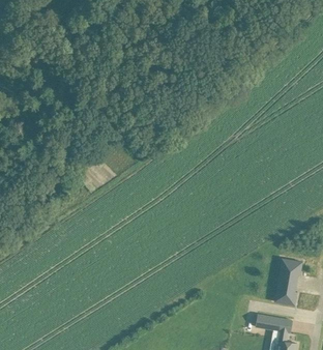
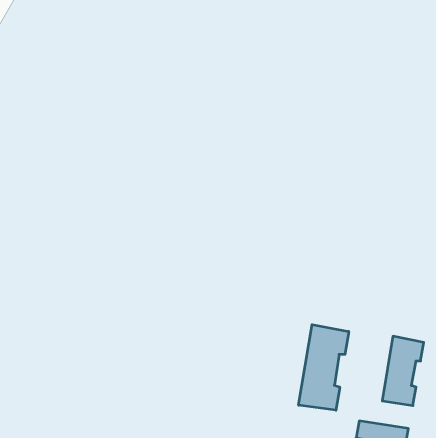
building: none -> [299,325,349,410]

